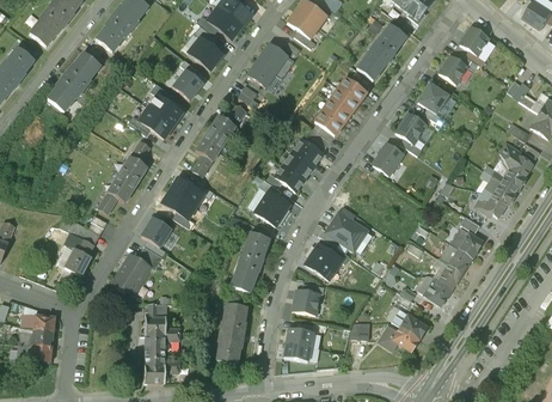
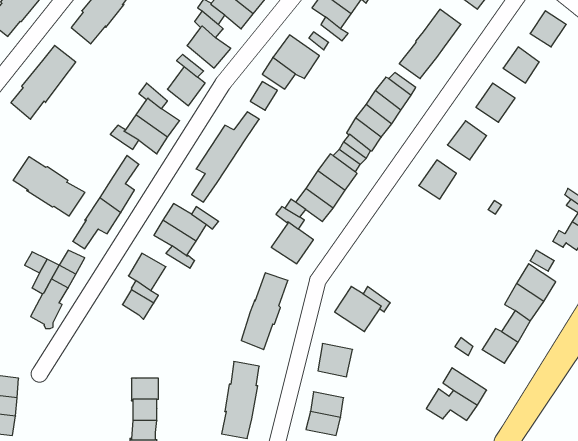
building: none -> [13,157,85,216]
building: [325,213,367,251] -> none
building: [112,255,149,294] -> none

